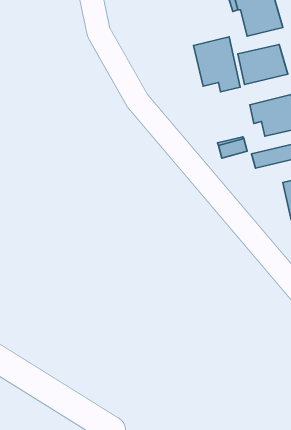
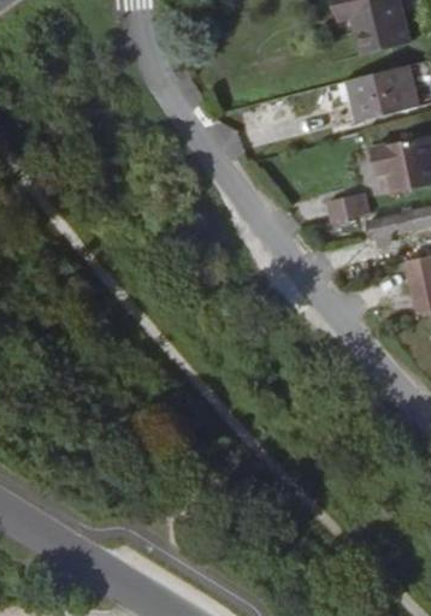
building: [194,37,240,92] -> none

